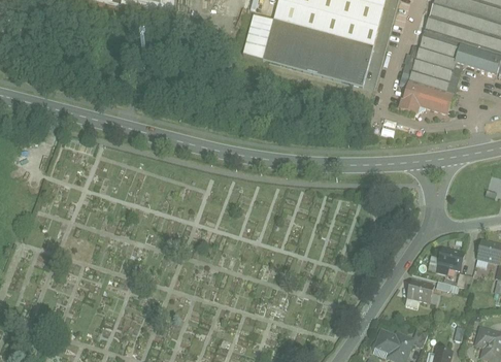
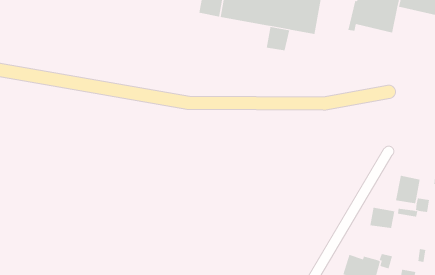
building: none -> [266,26,290,51]
building: [401,77,456,112] -> none

